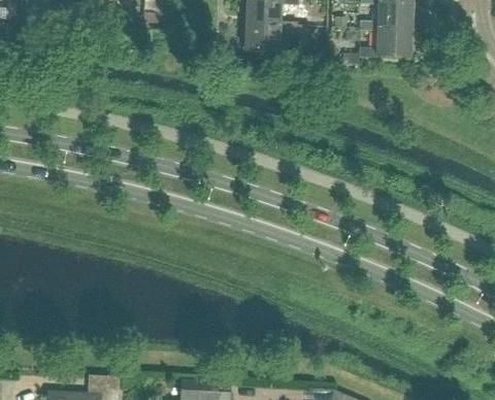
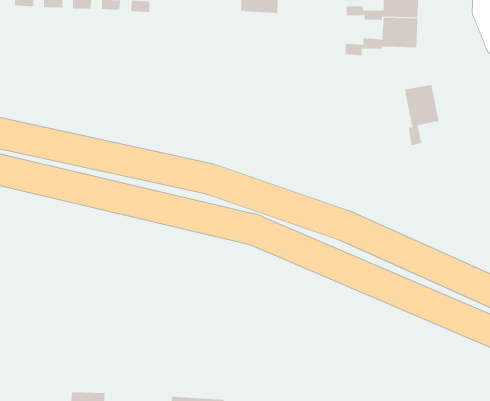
building: [242,21,309,52] -> none
building: none -> [404,82,439,146]

